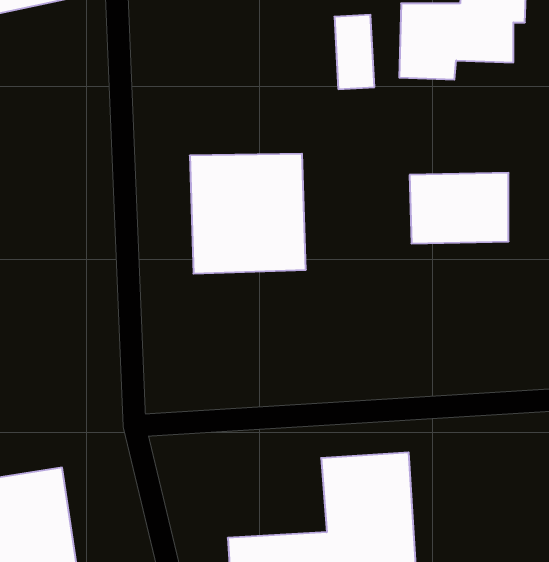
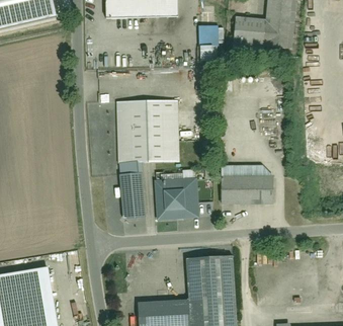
building: [410,173,509,243] -> [216,167,268,205]
building: none -> [118,173,141,218]
building: none -> [155,180,194,220]

